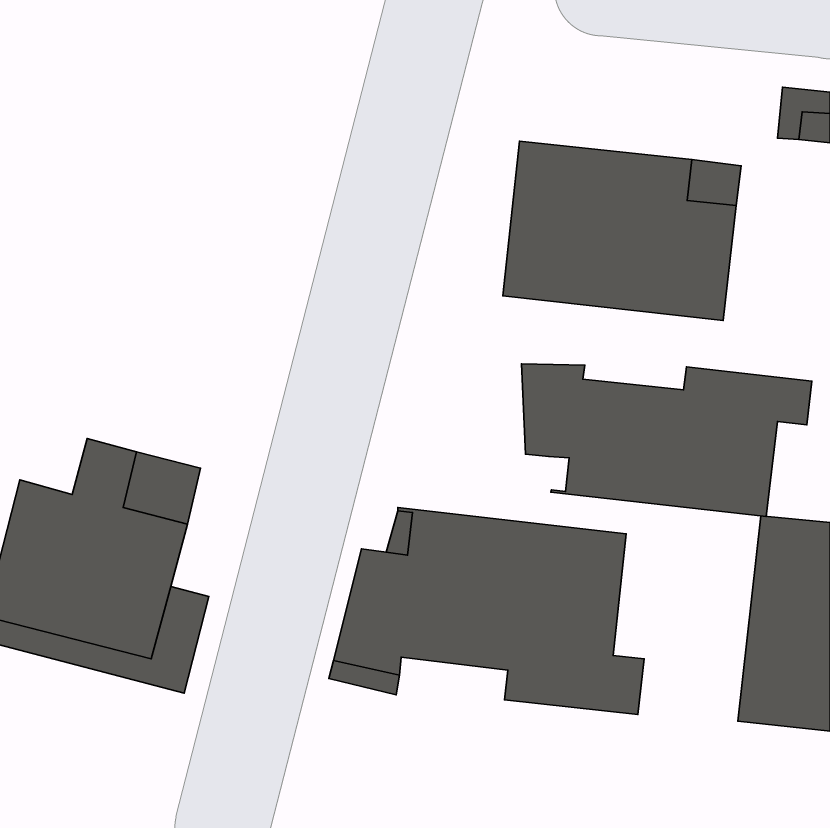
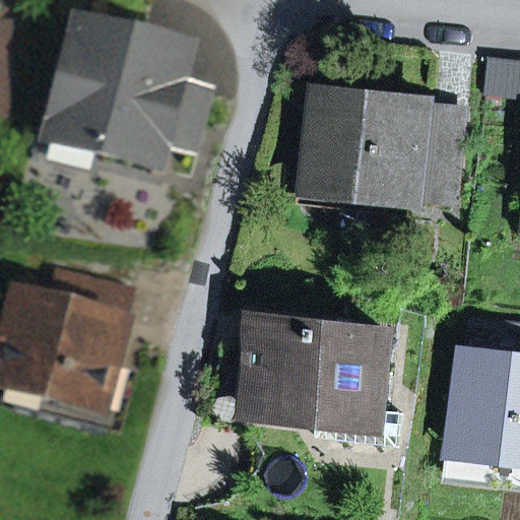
building: none -> [47,21,205,164]
building: [521,364,812,516] -> none

